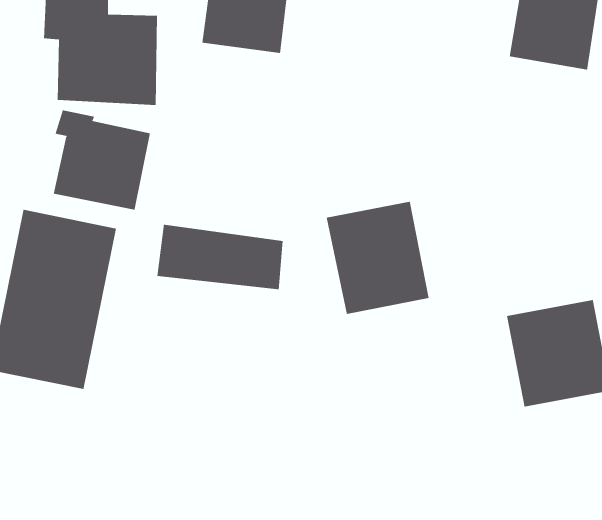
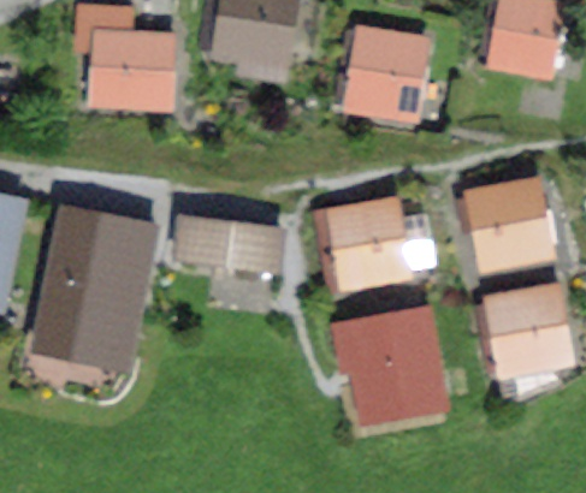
building: none -> [343,25,430,123]
building: [53,109,151,210] -> none
building: none -> [464,176,556,274]
building: none -> [332,305,451,428]

